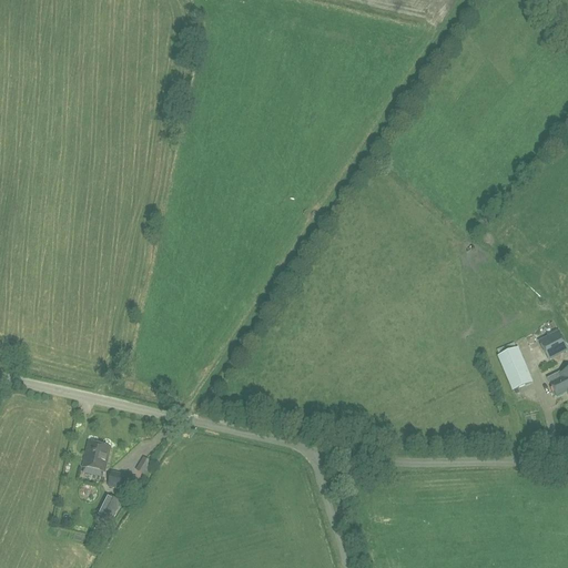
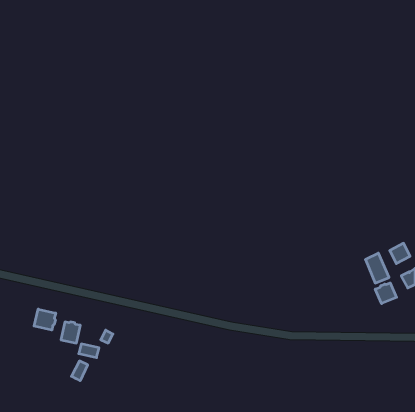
building: none -> [375,283,397,304]
building: none -> [34,309,56,330]

